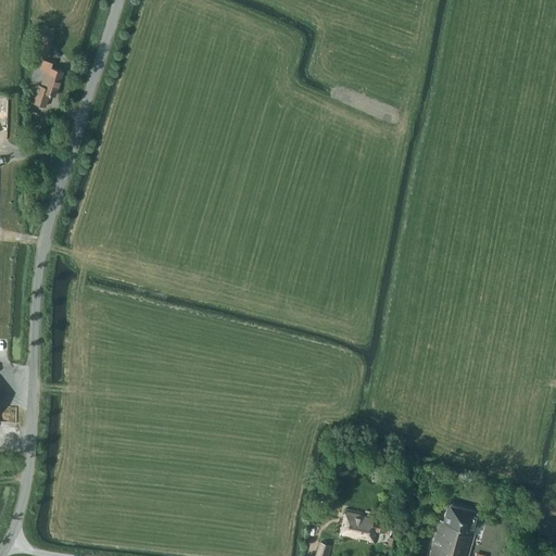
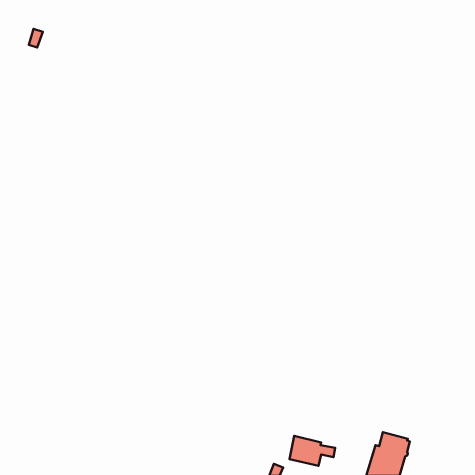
building: [31,61,62,108] -> none

